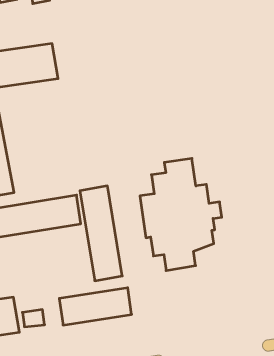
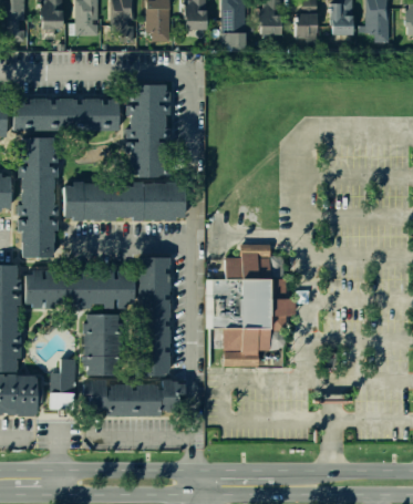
building: none -> [136,90,171,172]
building: none -> [71,181,185,222]
building: none -> [86,309,117,372]
building: none -> [51,360,75,392]

